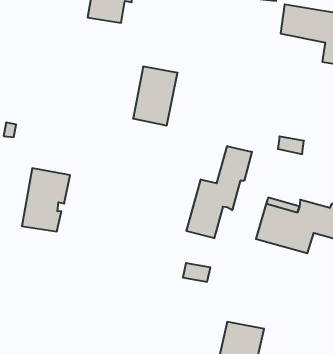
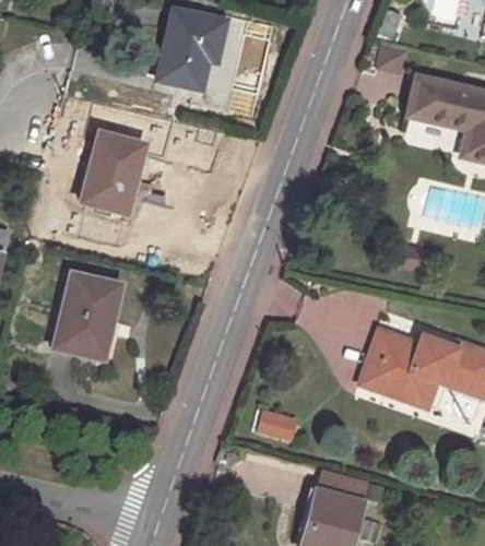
building: [133,67,178,126] -> [82,134,144,214]
building: [186,146,252,238] -> none
building: none -> [315,470,368,503]

